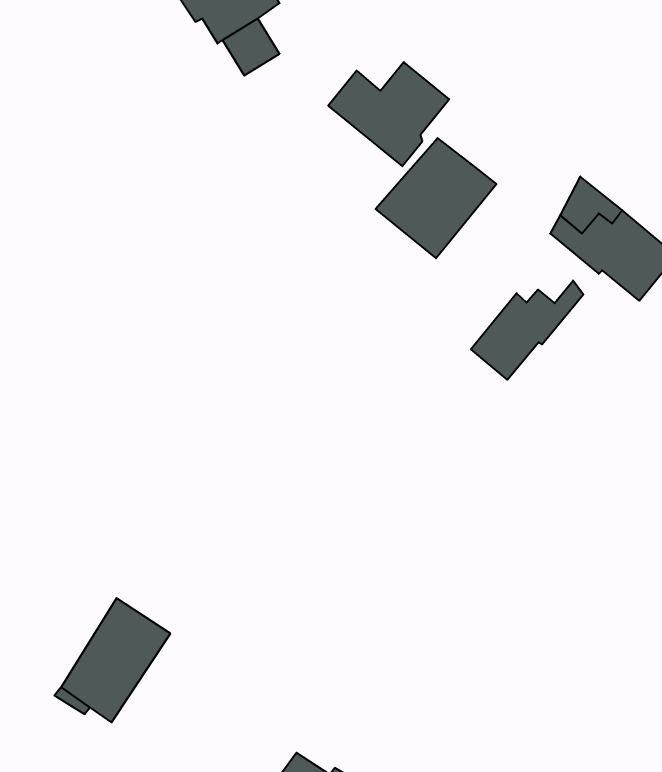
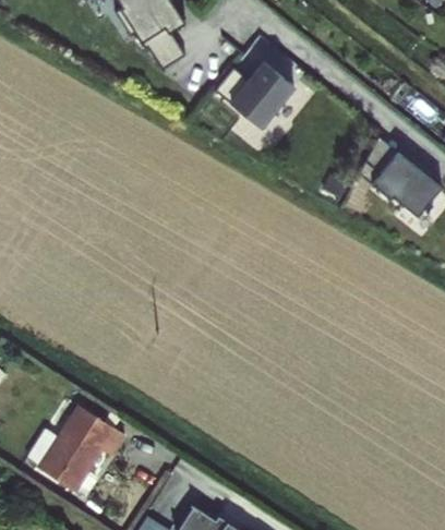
building: [376,138,496,258] -> none
building: [471,280,583,380] -> none

